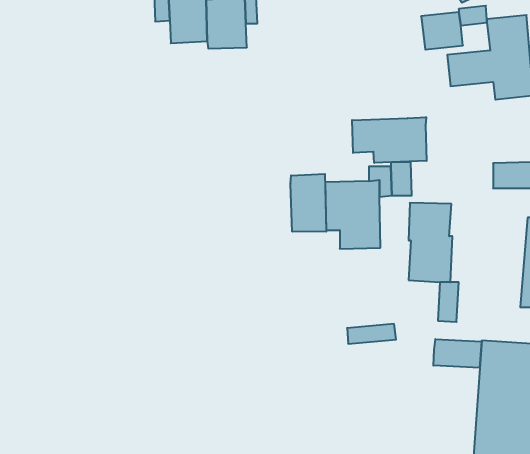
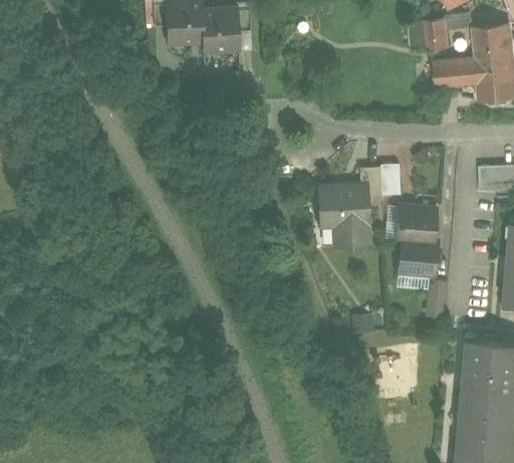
building: [352,117,427,163] -> none
building: [291,174,326,232] -> none
building: [433,339,482,368] -> none

